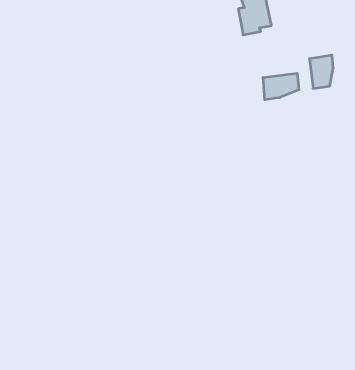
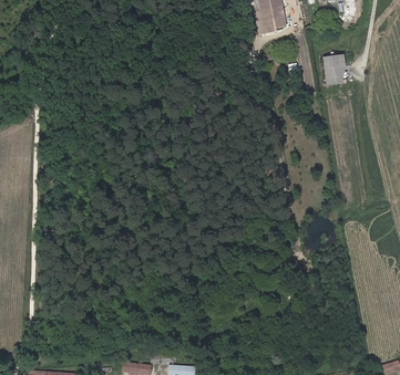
building: [263,73,299,100] -> none

